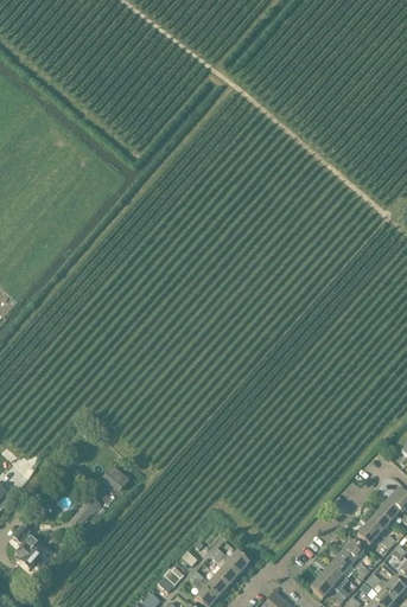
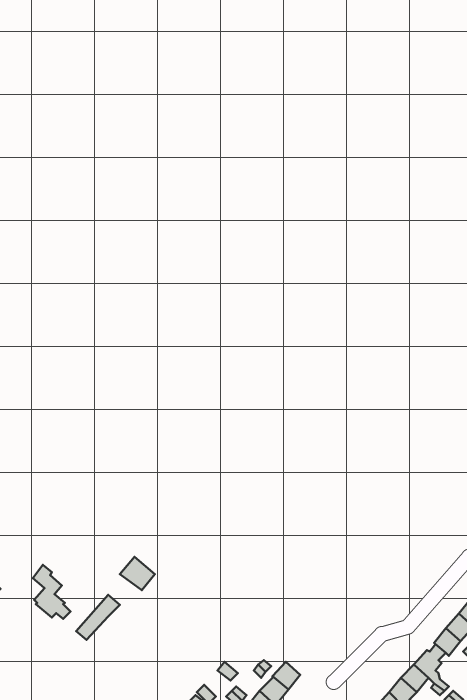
building: [14,524,45,568] -> [33,565,71,619]

